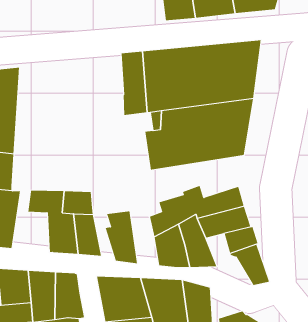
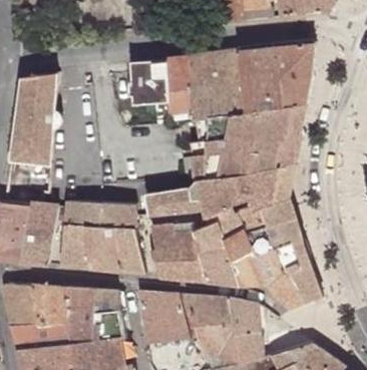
building: none -> [130,58,167,105]
building: none -> [144,165,296,217]
building: none -> [174,223,205,283]
building: none -> [59,226,88,269]
building: none -> [255,249,305,310]

